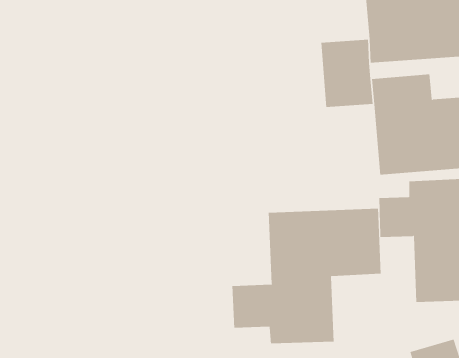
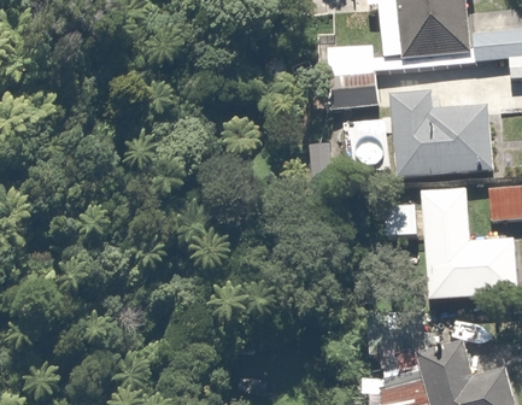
building: [232,208,381,344] -> none

